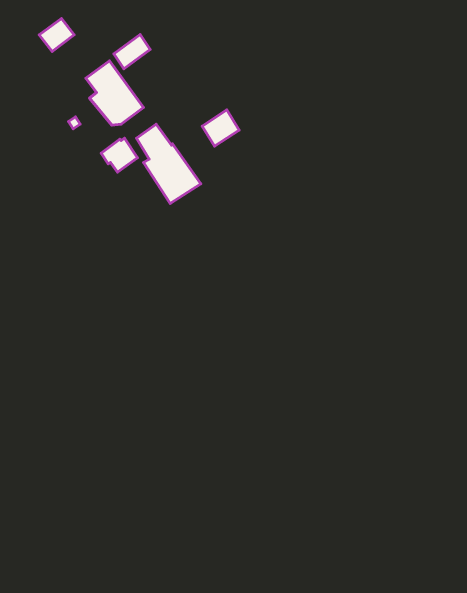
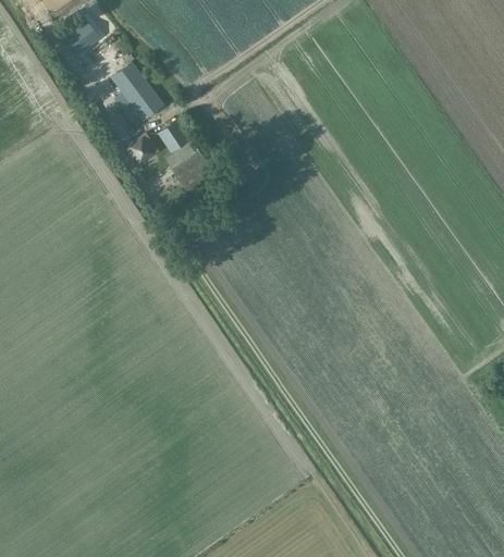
building: [114,35,150,69] -> none
building: [202,110,239,146] -> none

